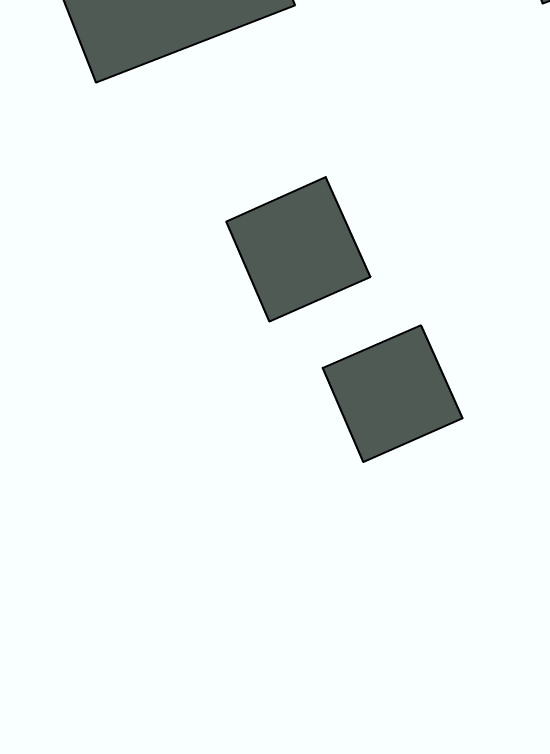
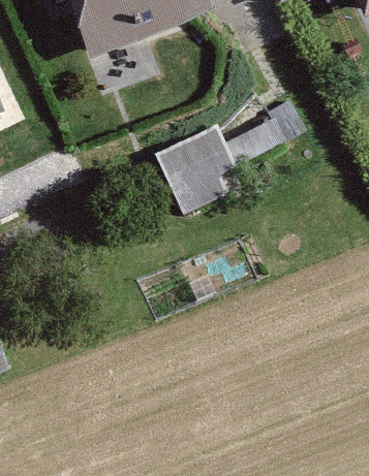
building: [323,325,463,462] -> none

